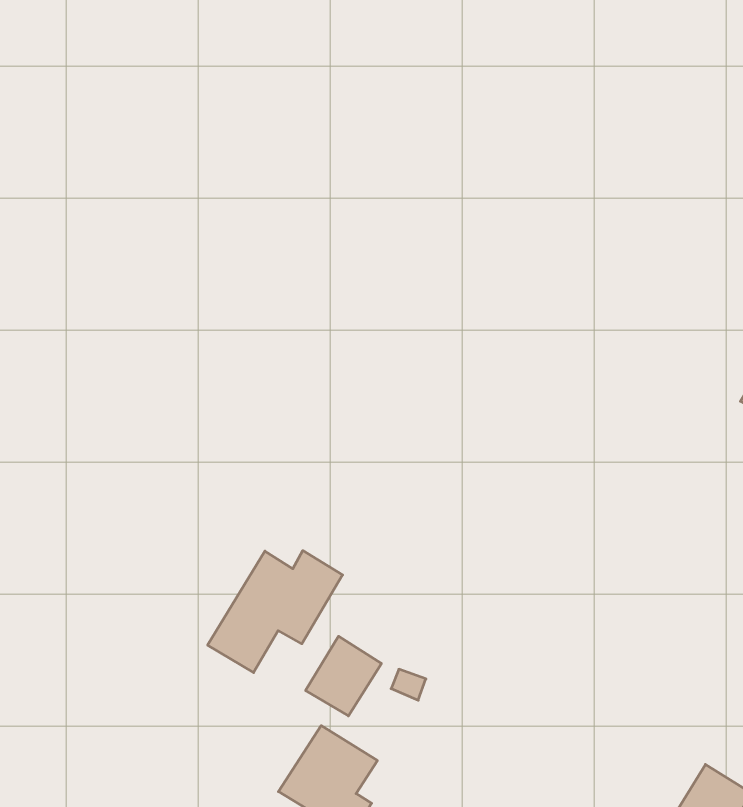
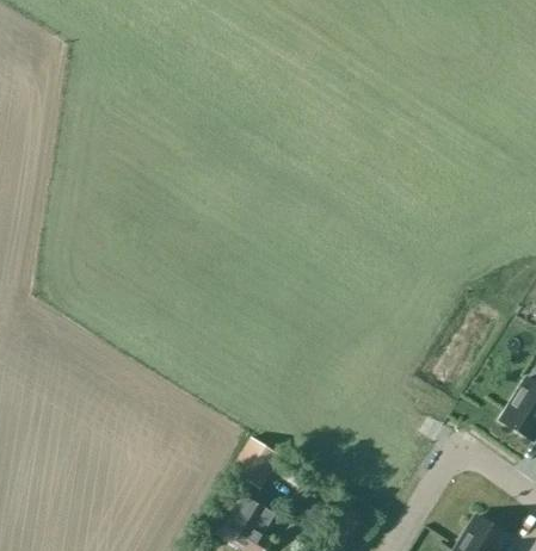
building: [208,551,343,673] -> none

